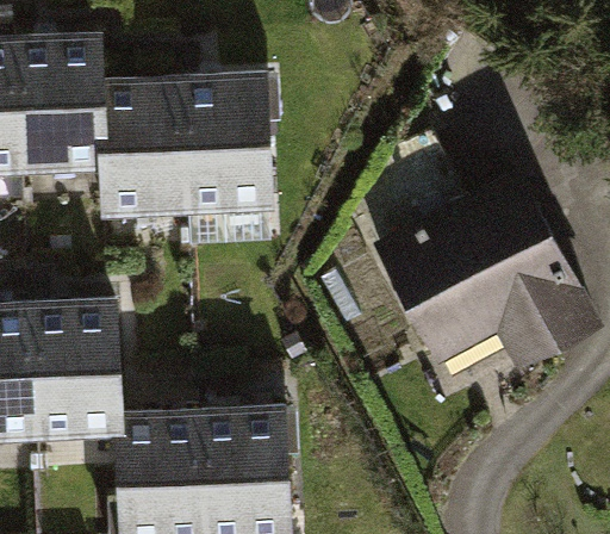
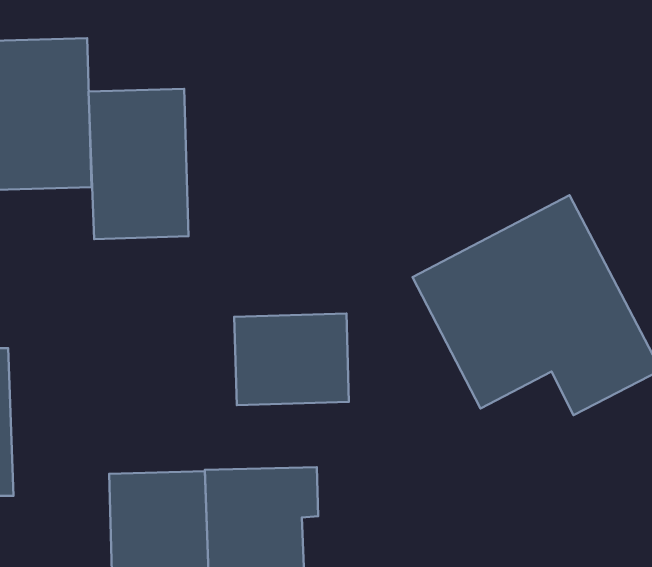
building: [183,79,282,211] -> none
building: none -> [234,314,349,405]
building: [31,306,118,439] -> none

